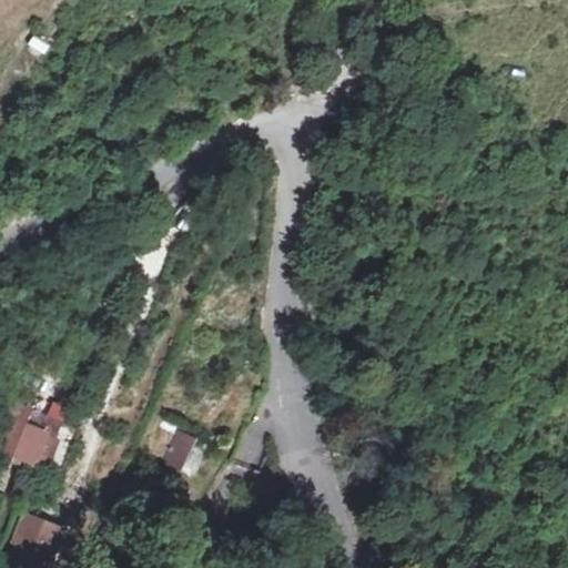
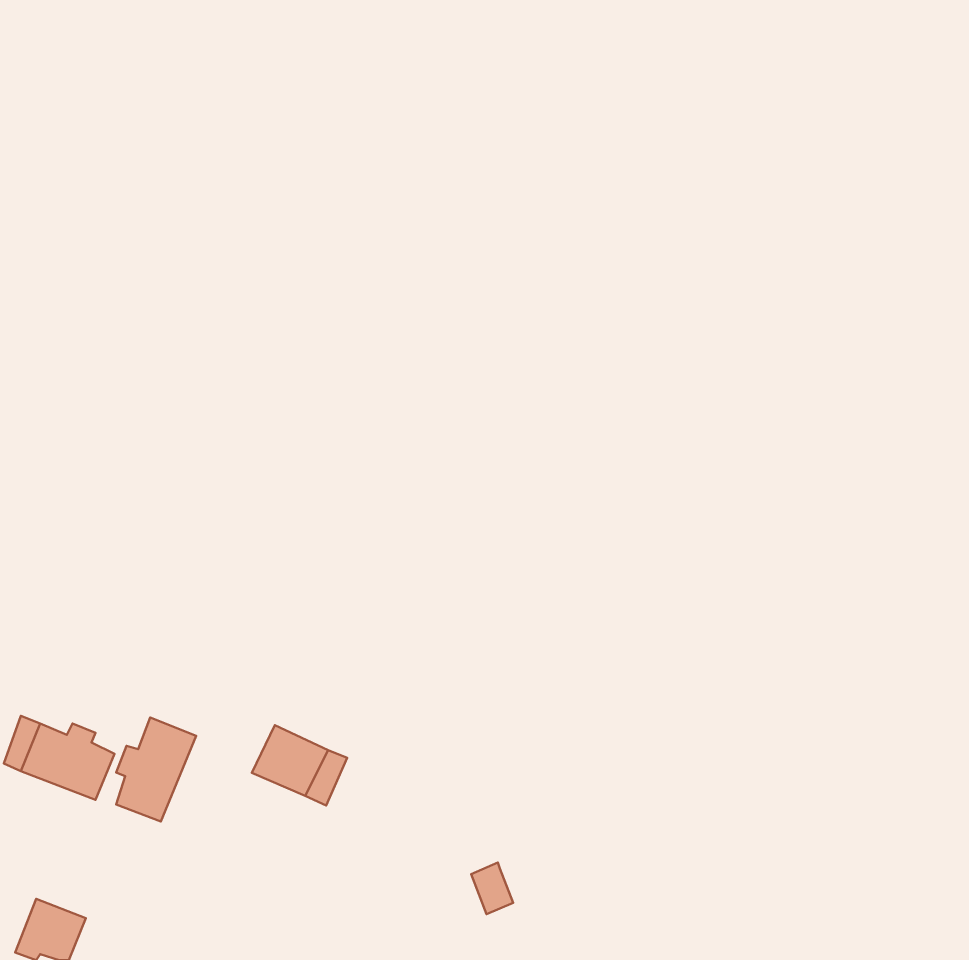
building: none -> [116,718,196,821]

